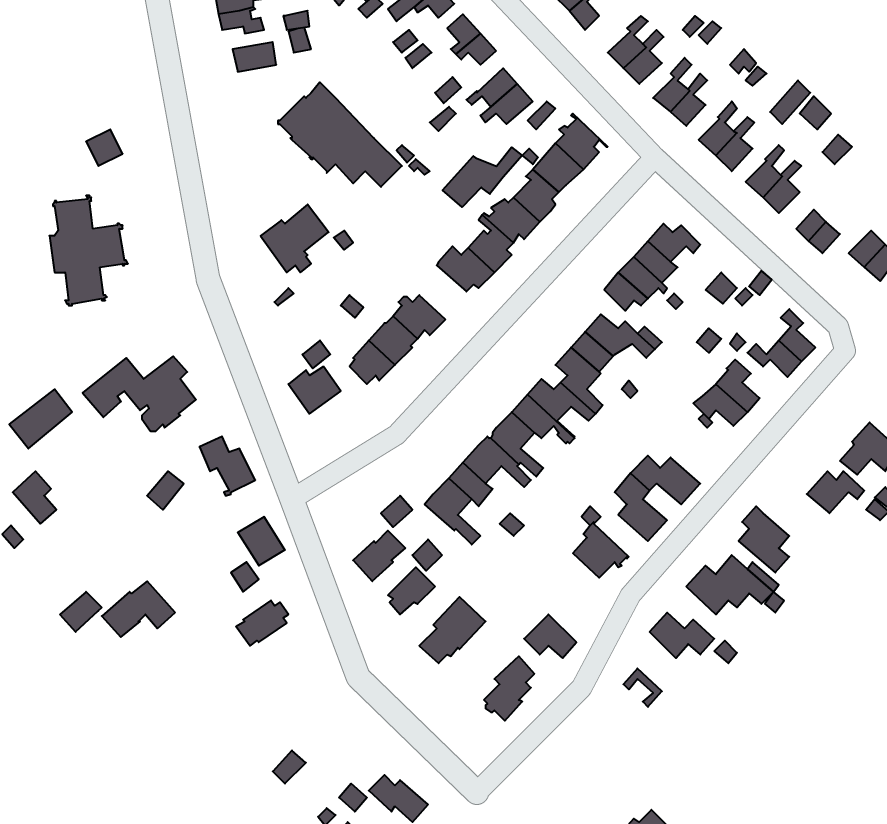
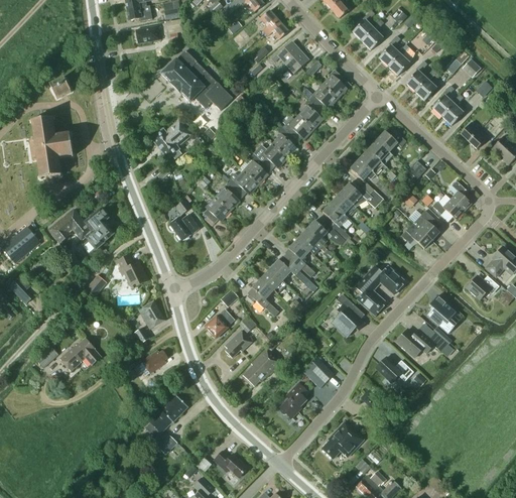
building: [443,147,522,207] -> none
building: none -> [243,155,270,186]
building: none -> [149,394,188,432]
building: none -> [322,421,364,459]

